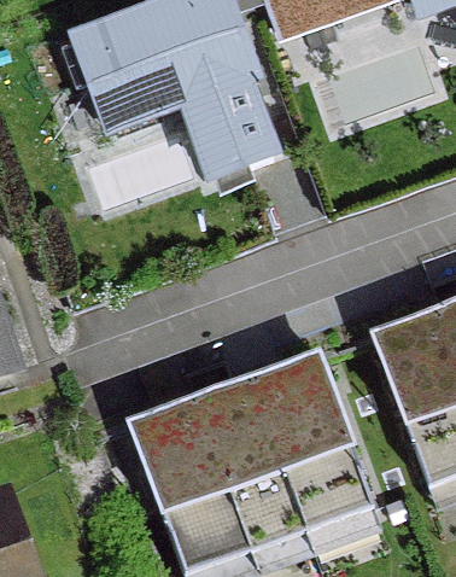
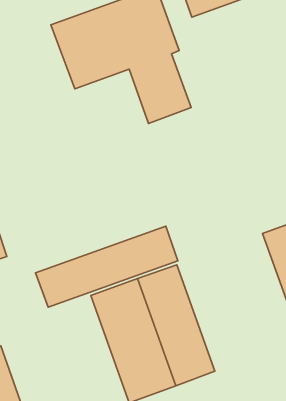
building: none -> [36,226,178,307]
building: [252,355,374,531] -> none

